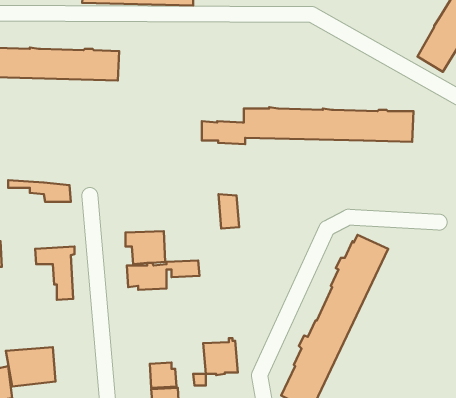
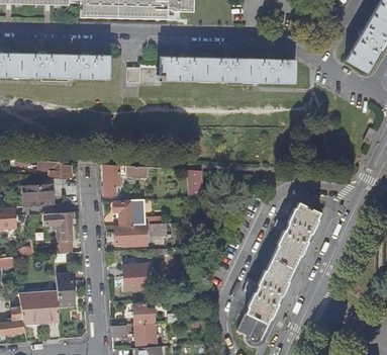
building: [202,107,413,144] -> [127,56,295,85]
building: none -> [102,163,149,194]
building: none -> [21,183,53,205]
building: none -> [56,272,74,318]
building: [203,338,238,375] -> [123,260,151,289]

